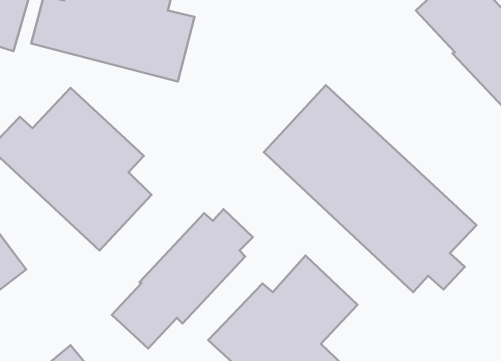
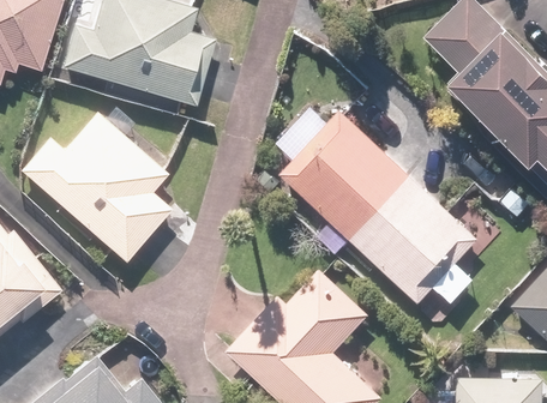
building: [112,209,253,349] -> none

